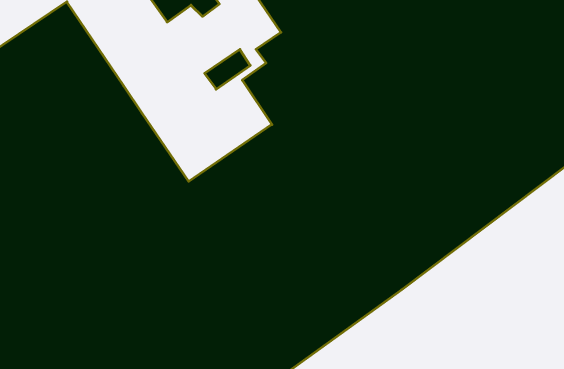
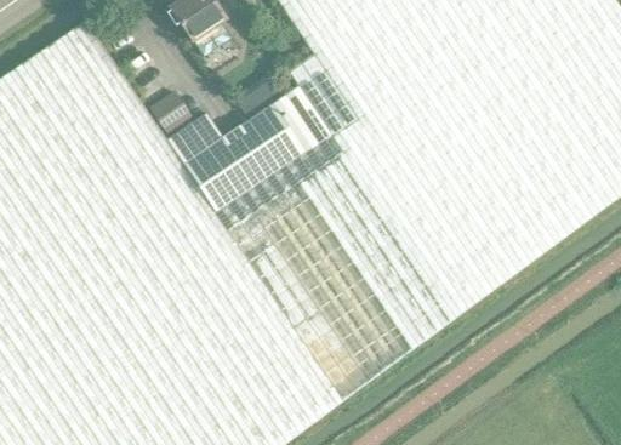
building: none -> [149,92,189,132]
building: none -> [165,105,303,213]

